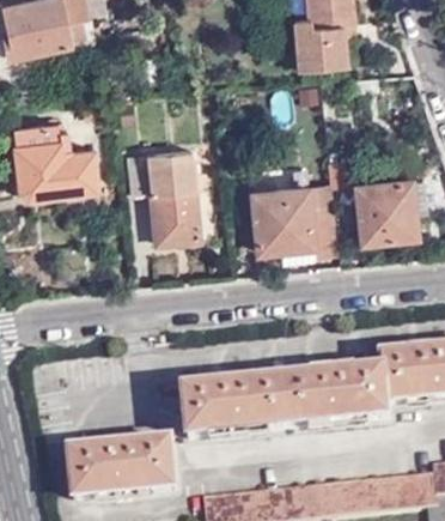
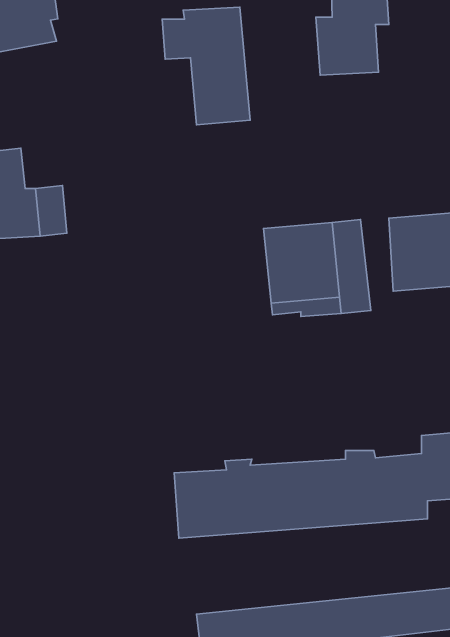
building: [129,145,200,240] -> [162,7,250,125]
building: [66,437,173,495] -> none

